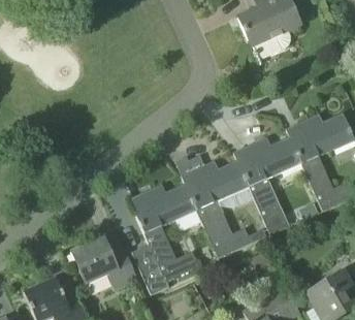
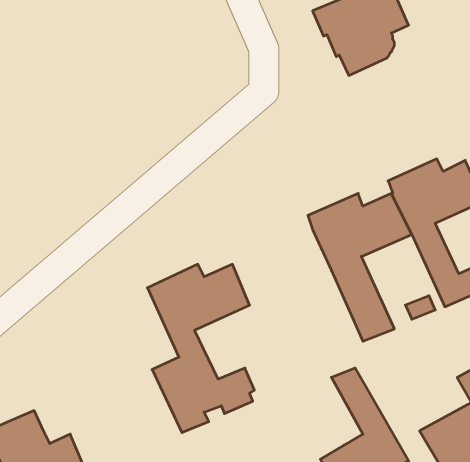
building: [181,160,266,257] -> none
building: [72,238,138,289] -> none

